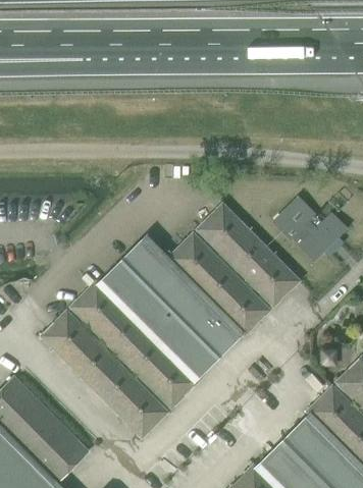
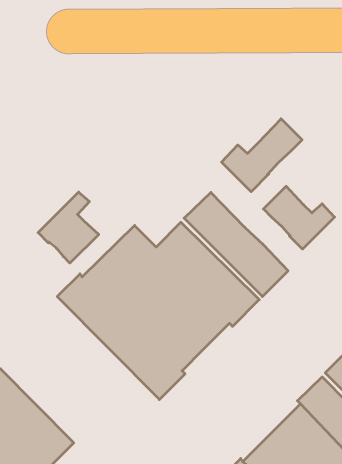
building: none -> [222,119,302,192]
building: none -> [38,192,99,263]
building: [41,311,167,437] -> none

